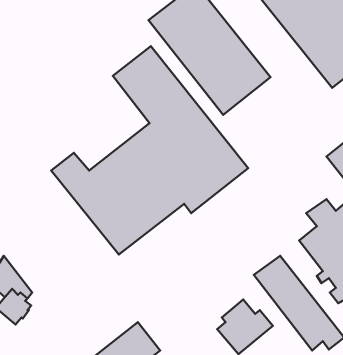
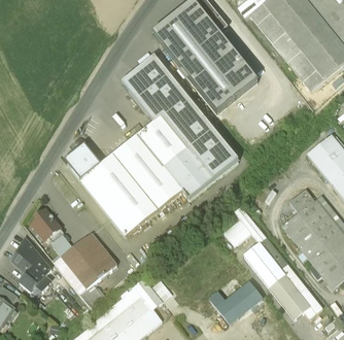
building: none -> [32,209,64,241]
building: none -> [54,232,117,309]

